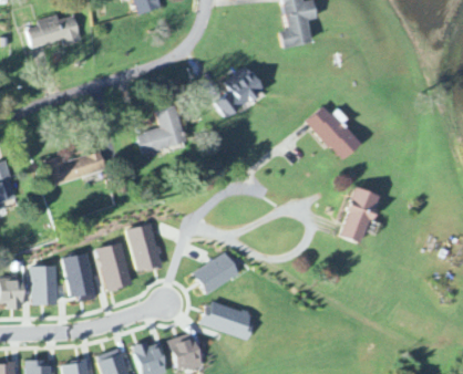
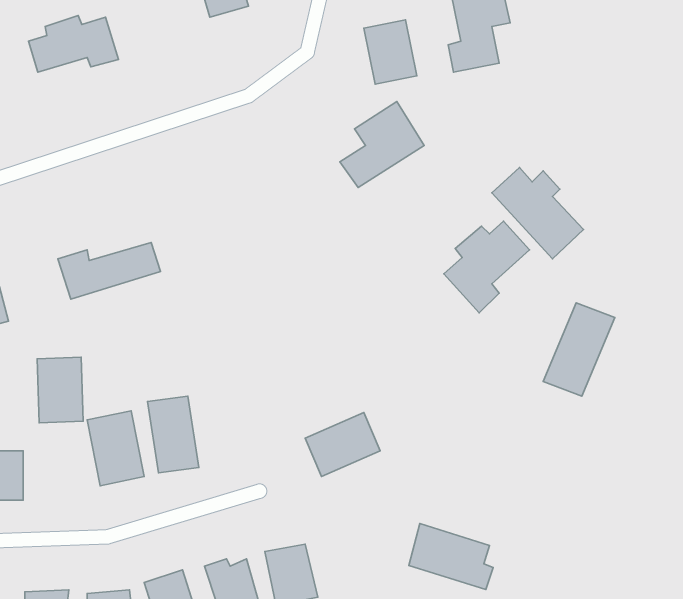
building: none -> [364,20,417,84]
building: [136,105,185,153] -> none
building: none -> [444,221,530,313]
building: [128,224,162,272] -> none
building: [30,266,58,305] -> [37,357,83,423]
building: [202,300,253,340] -> [409,523,493,589]

